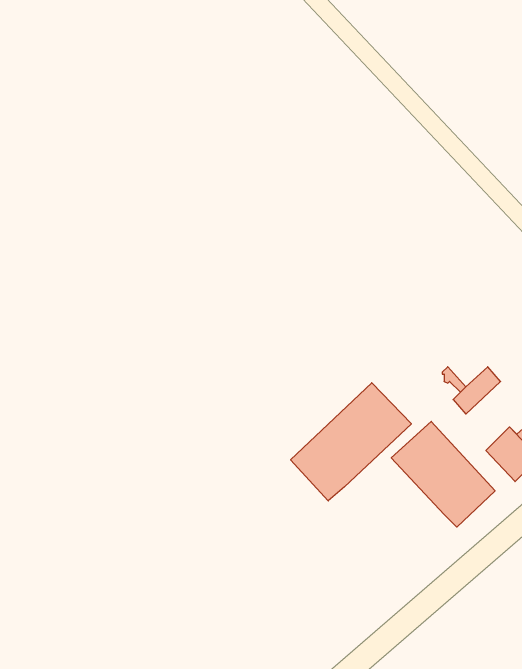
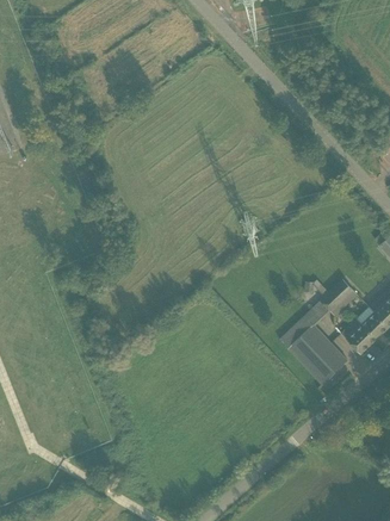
building: [291,383,411,501] -> none

